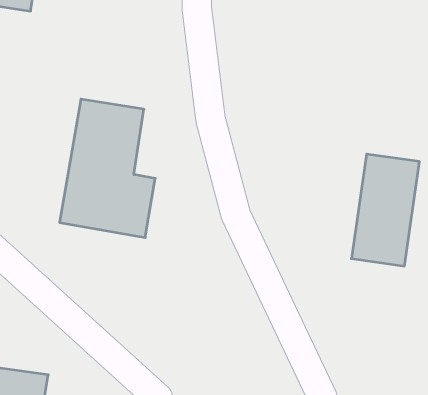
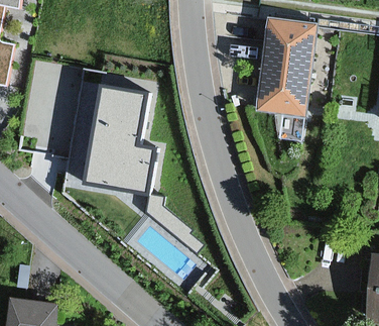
building: [351,154,419,266] -> [259,19,313,109]

